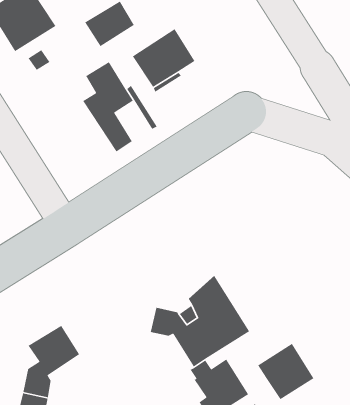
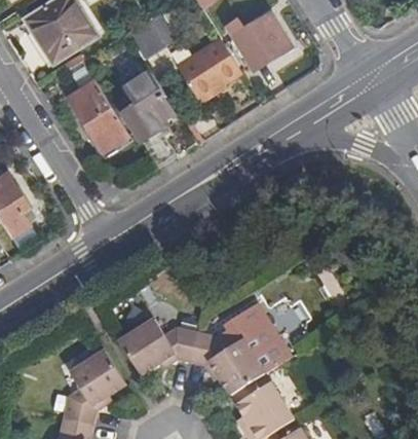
building: none -> [231,15,287,72]
building: none -> [69,83,128,153]
building: none -> [117,314,198,367]
building: [257,343,315,400] -> none

